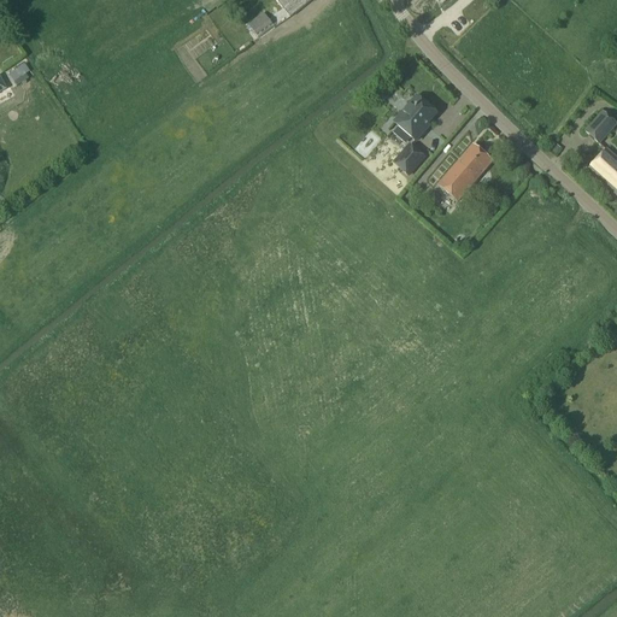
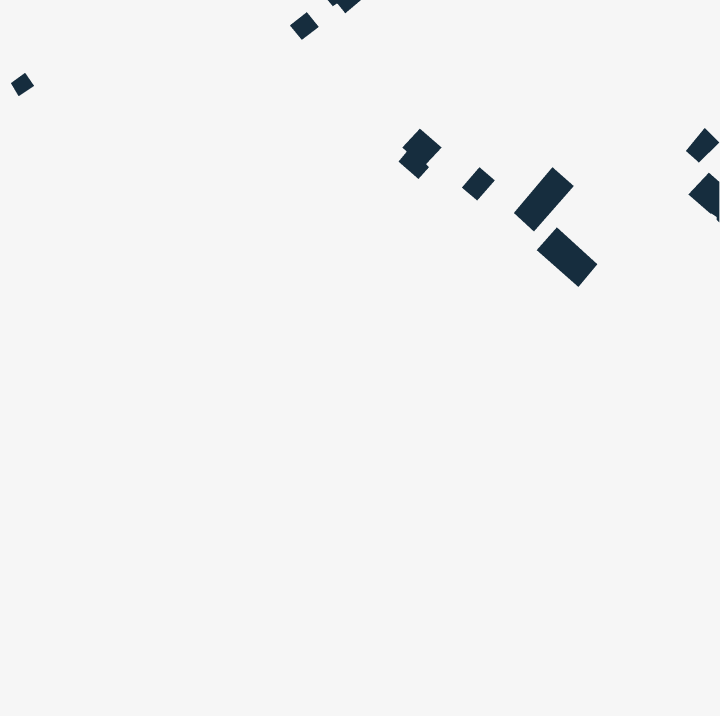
building: [398,94,436,139] -> [397,128,442,180]
building: none -> [536,226,598,288]

